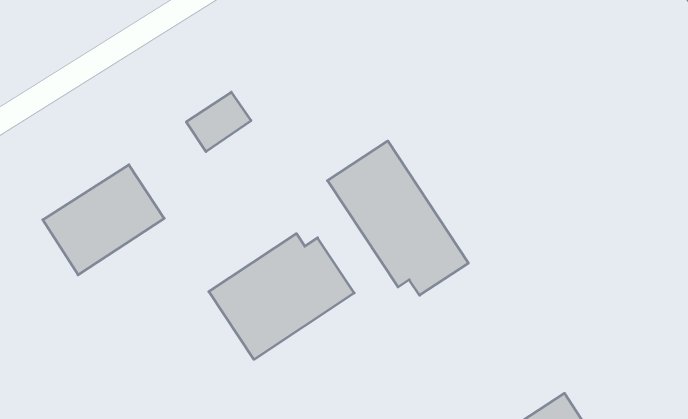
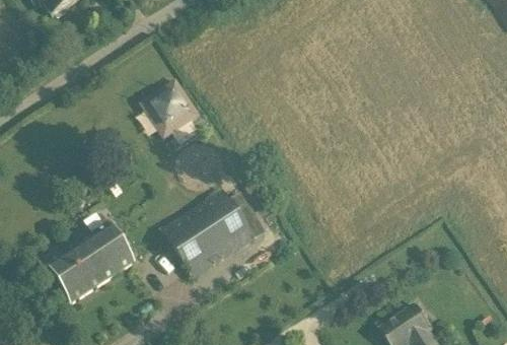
building: [327,141,468,295] -> none
building: [43,165,164,275] -> [47,223,134,302]

